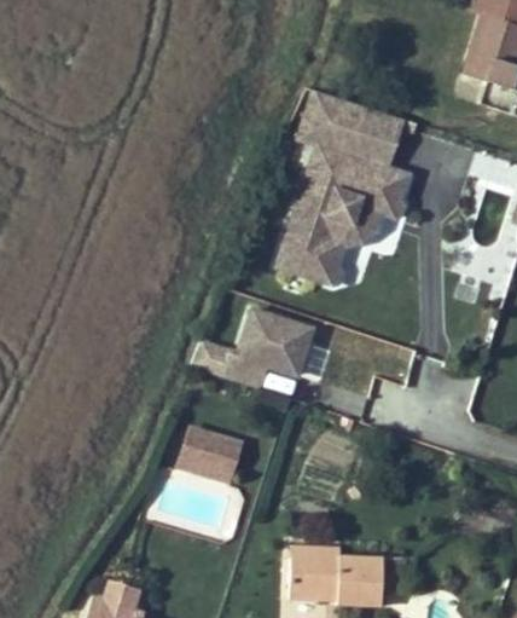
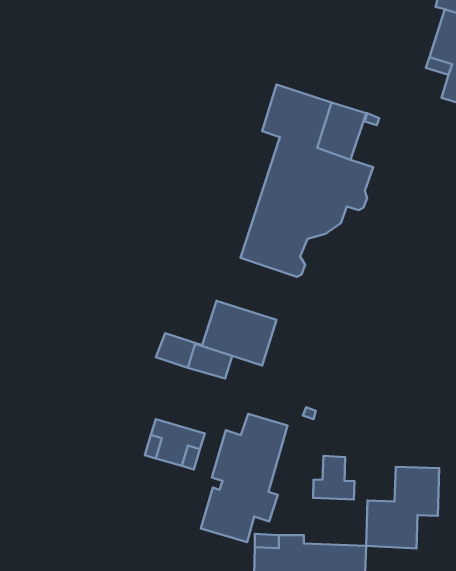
building: none -> [201,414,288,542]
building: none -> [313,456,354,499]
building: none -> [366,467,439,548]

